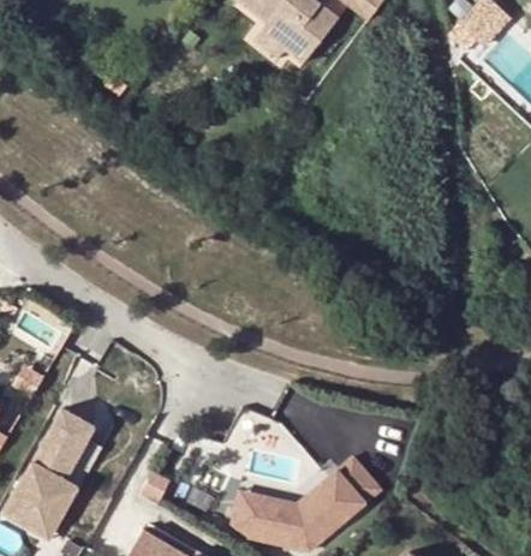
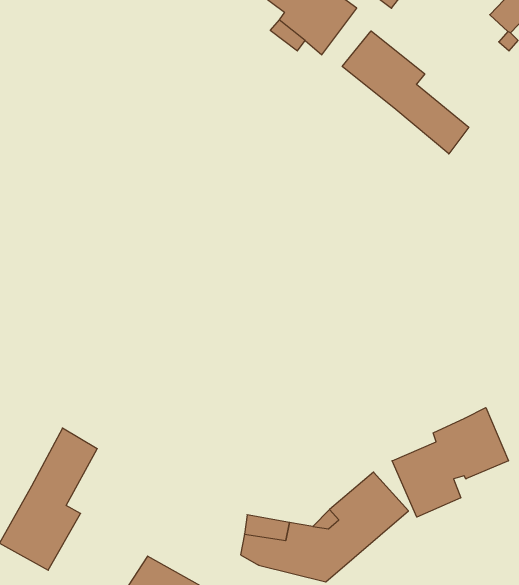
building: none -> [342,31,469,154]
building: none -> [392,408,508,517]

